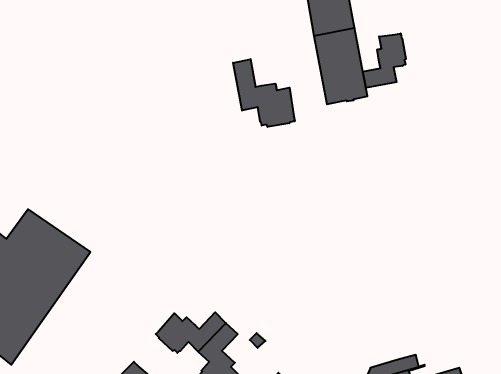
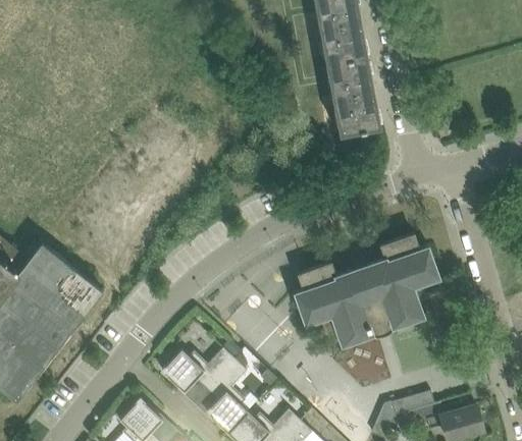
building: [363,33,406,88] -> none
building: [233,59,295,127] -> none
building: none -> [295,235,438,345]

